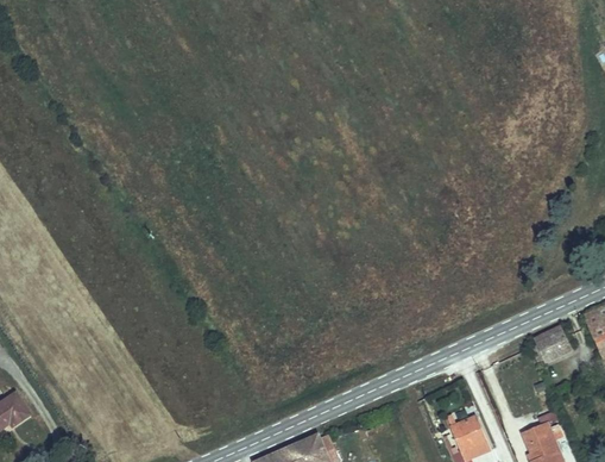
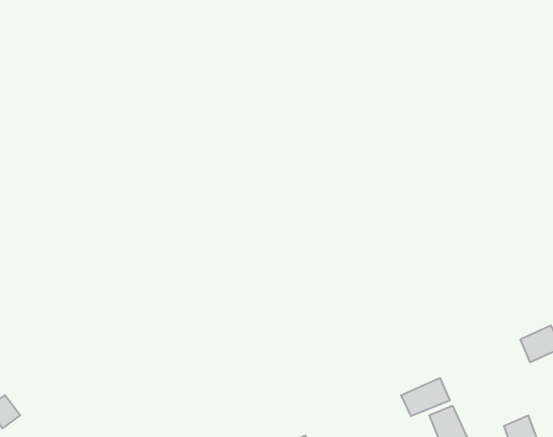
building: none -> [401,378,450,416]

